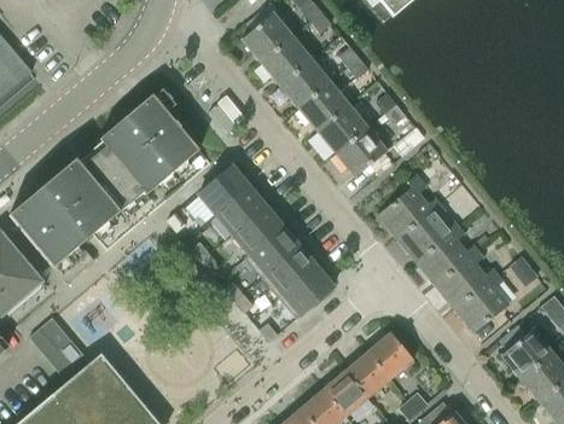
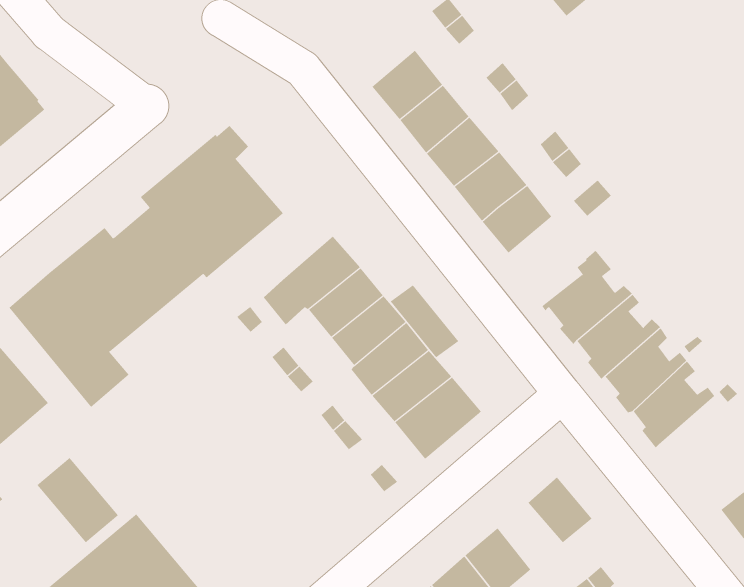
building: [240,14,290,63] -> none
building: none -> [390,284,459,358]
building: [458,275,510,335] -> none
building: [347,349,391,395] -> none

